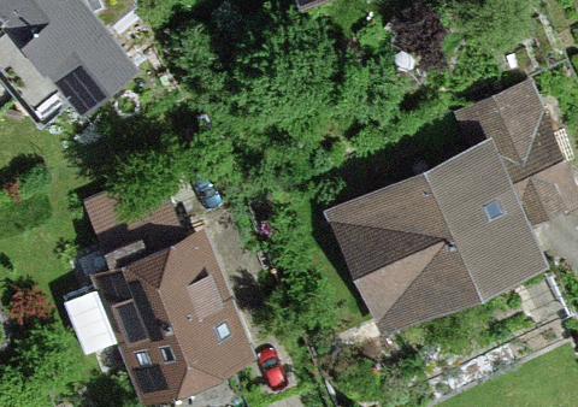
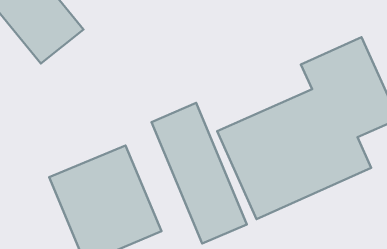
building: none -> [152,103,247,244]

